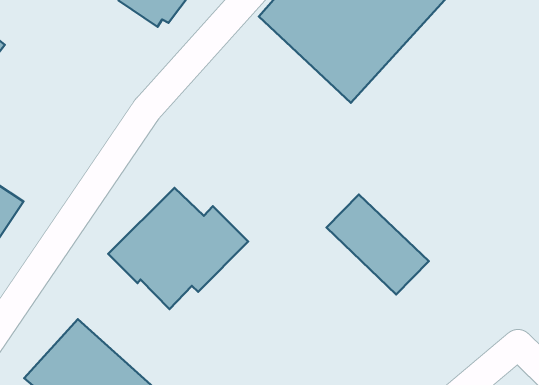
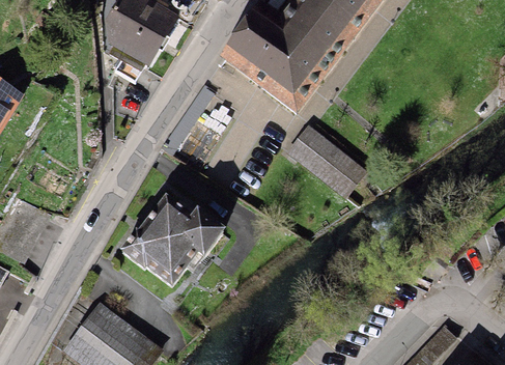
building: [326,194,429,294] -> [285,123,367,198]

